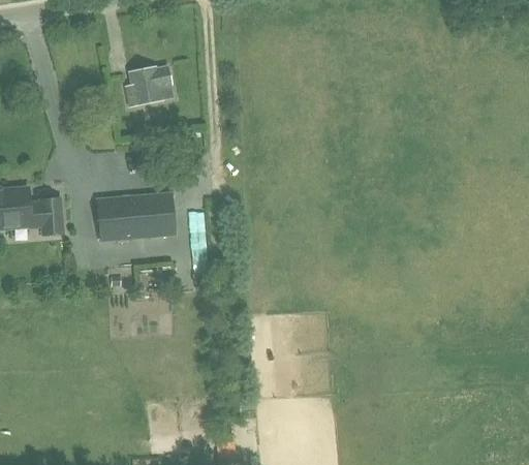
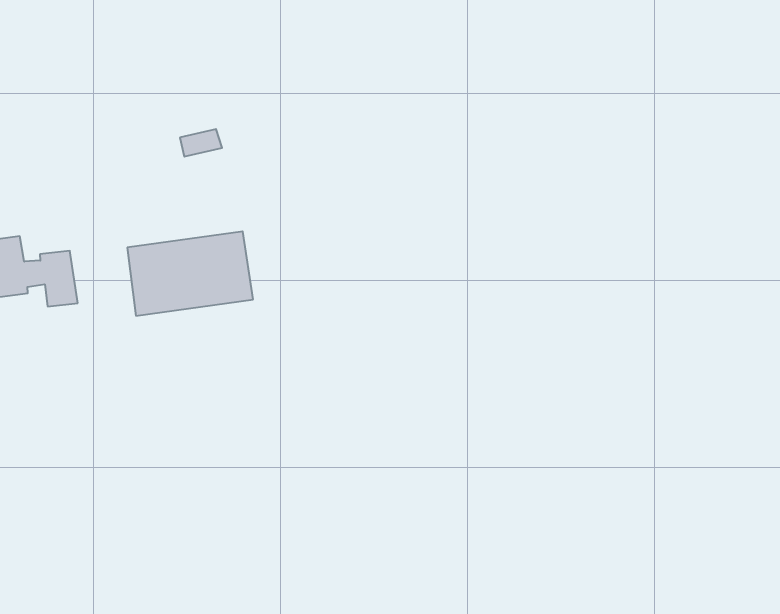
building: [126,66,172,105] -> none

